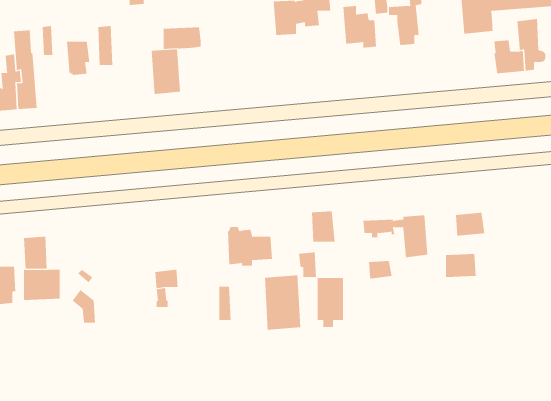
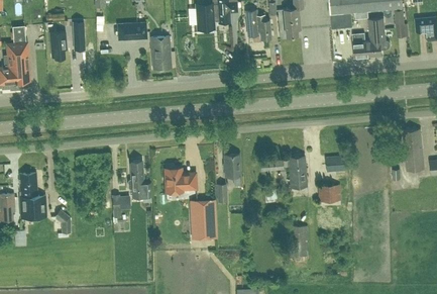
building: [151,49,181,95] -> [150,37,172,70]
building: none -> [127,161,152,202]
building: [317,278,344,327] -> [288,226,307,262]

